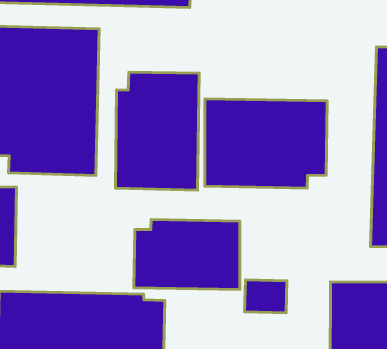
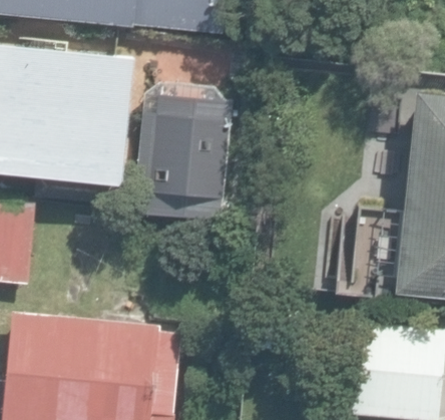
building: [205,99,327,188] -> none
building: [134,220,240,289] -> none

